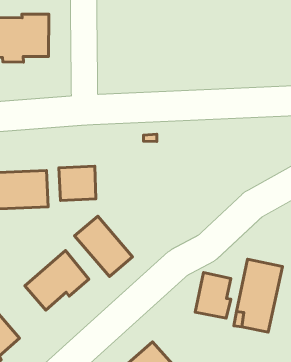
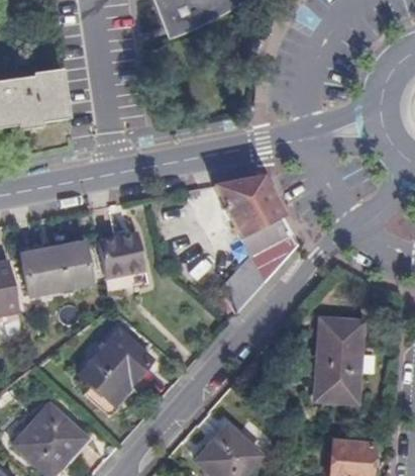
building: none -> [217,176,294,316]
building: [75,216,133,277] -> none
building: [195,273,231,318] -> none

